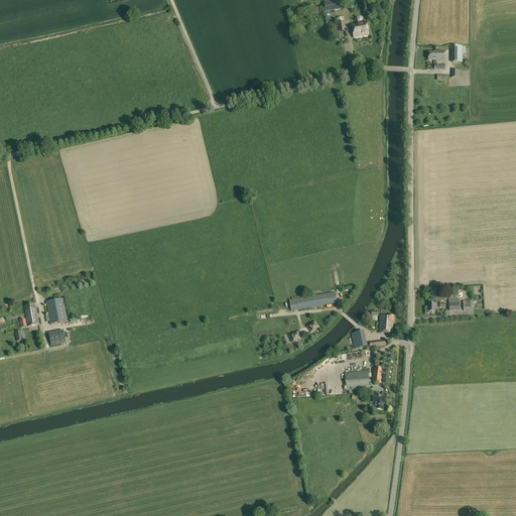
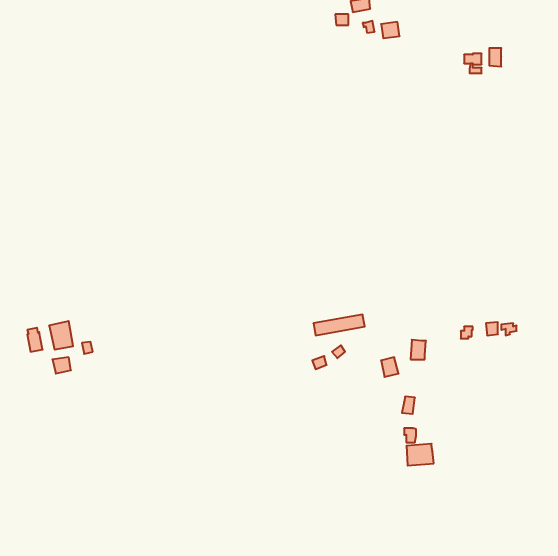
building: [345,369,370,389] -> [406,444,434,466]

